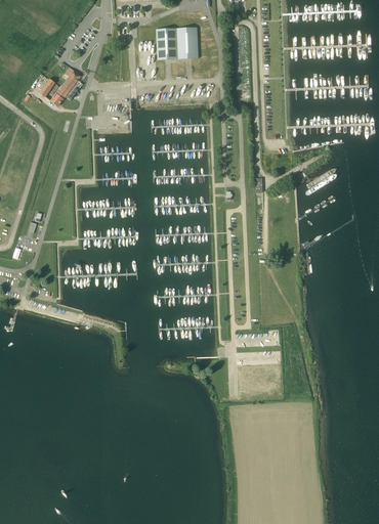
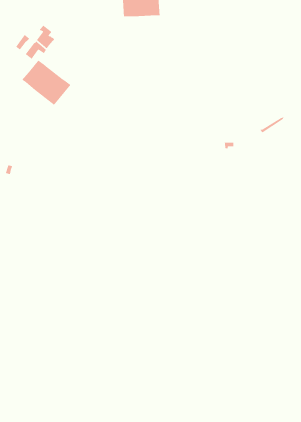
building: none -> [21,60,72,106]

